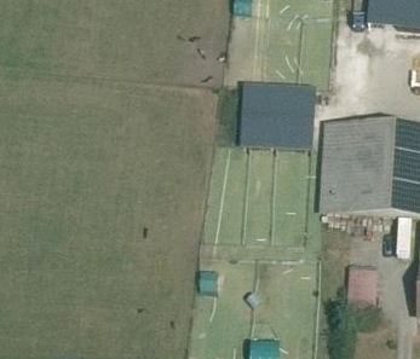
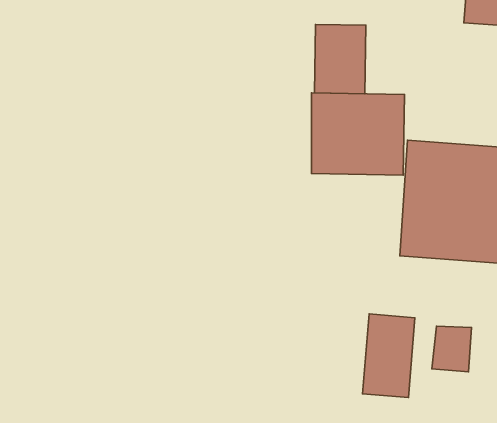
building: none -> [315,24,366,94]
building: none -> [362,314,415,398]

